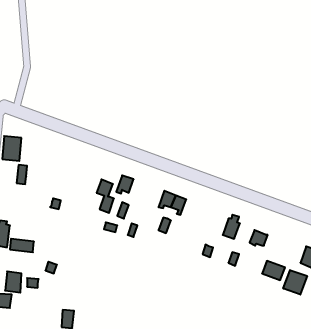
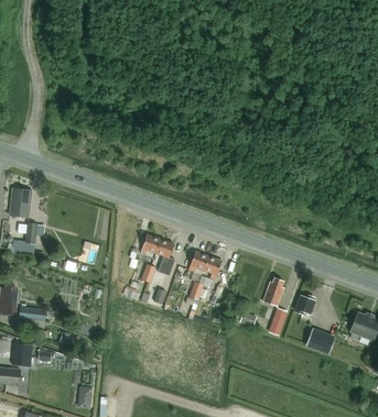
building: [97,179,114,213] -> [155,238,175,276]
building: [283,270,307,295] -> none

